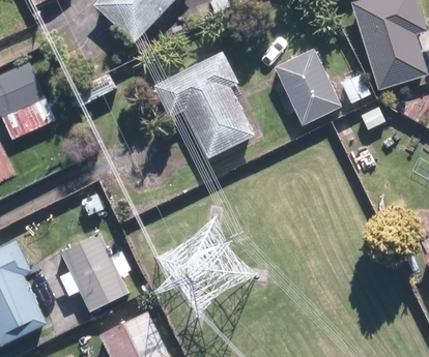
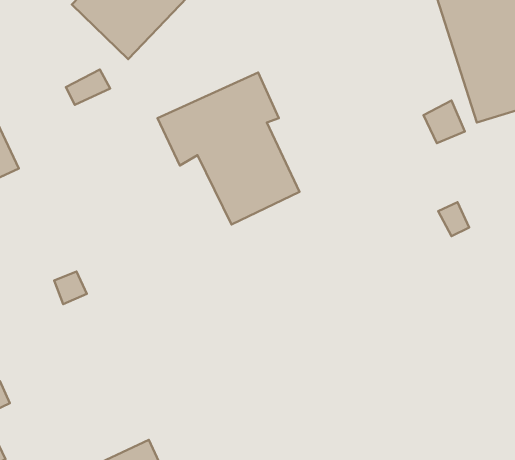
building: [273,48,341,126] -> none
building: [58,232,126,313] -> none

